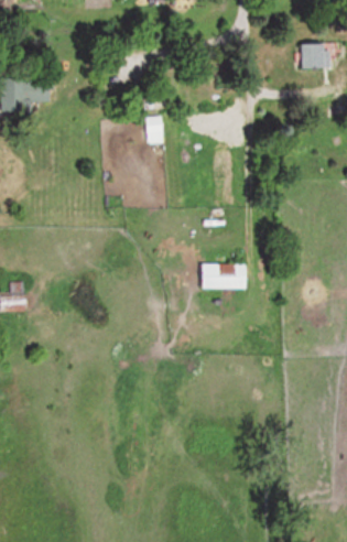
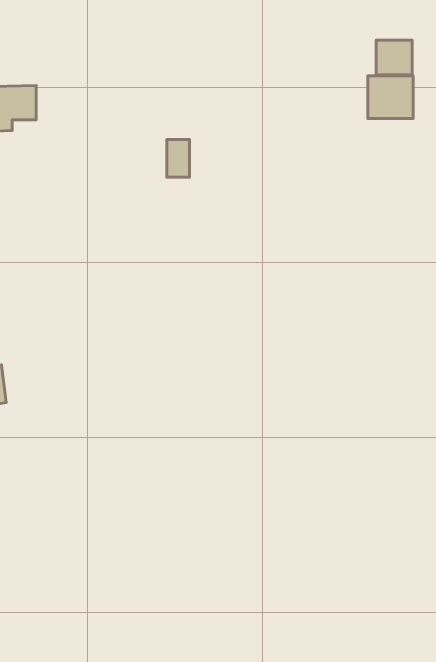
building: none -> [368,76,413,118]
building: [199,264,245,289] -> none

